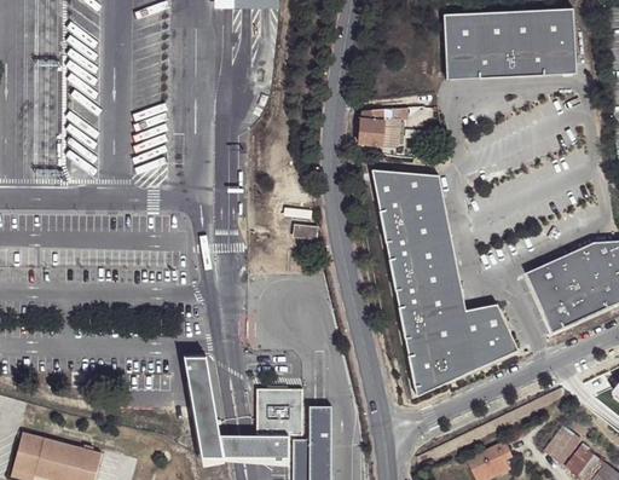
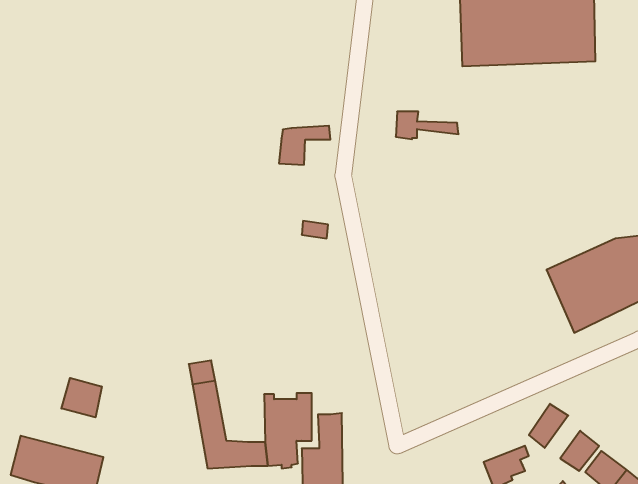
building: [358,106,407,144] -> [279,126,330,165]
building: [371,169,517,394] -> none
building: none -> [61,378,102,417]
building: none -> [529,404,568,448]

